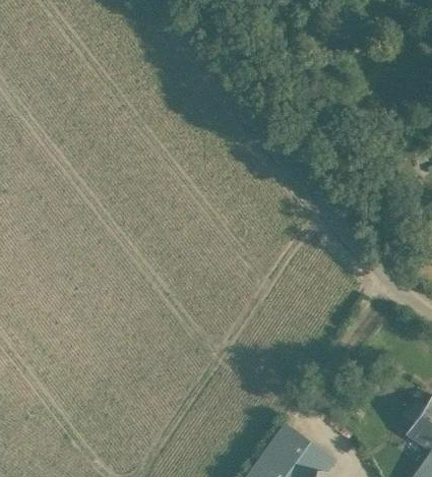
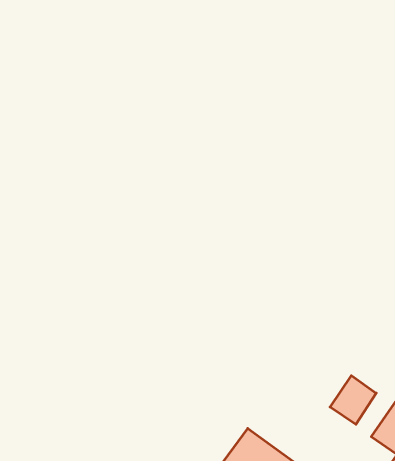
building: none -> [330,376,376,424]

